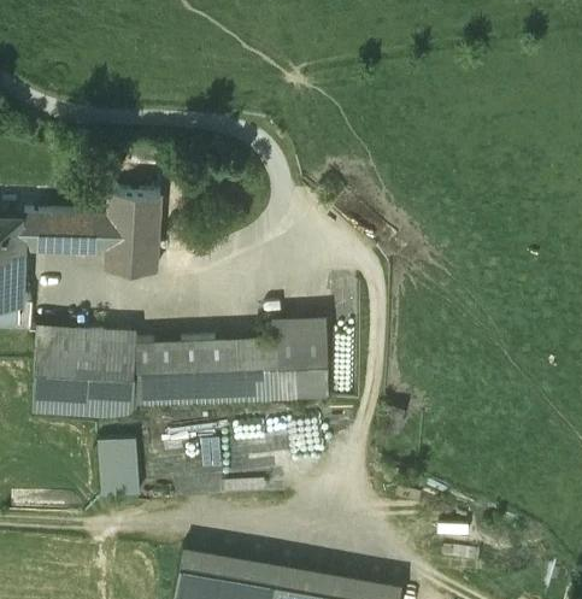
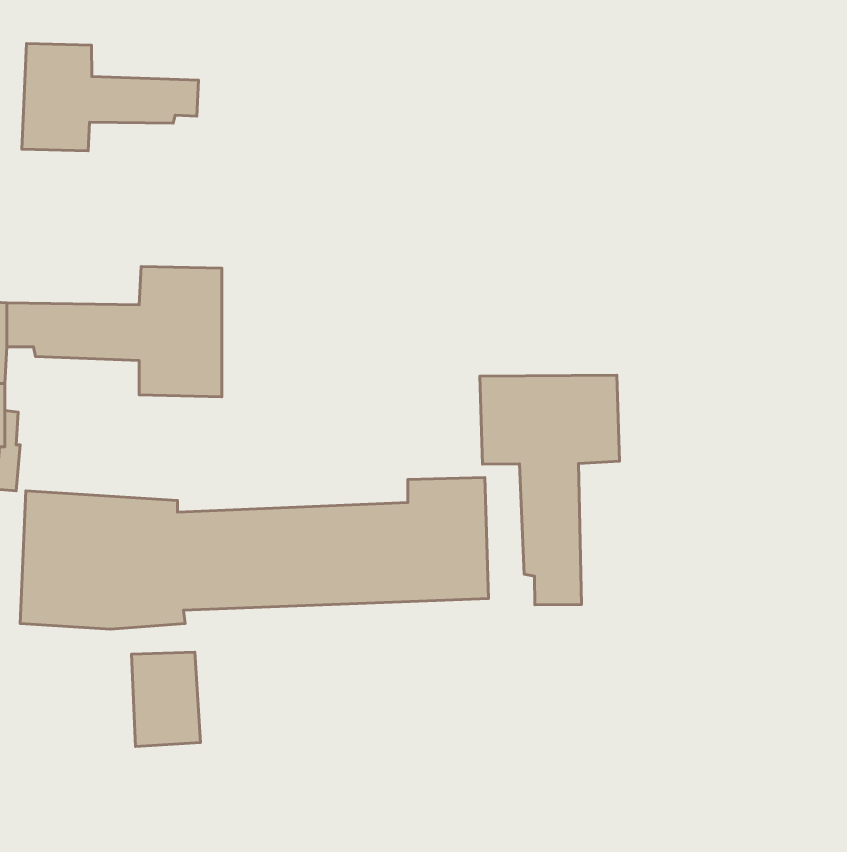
building: none -> [22,44,198,151]
building: none -> [480,375,619,605]

